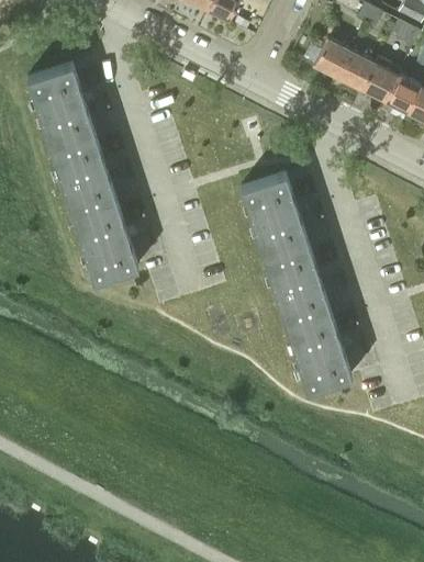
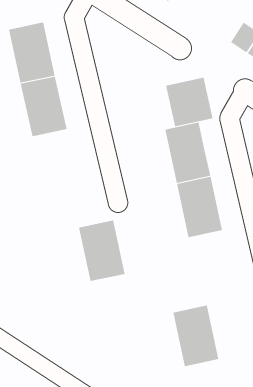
building: none -> [166,77,213,127]
building: [70,198,137,280] -> [78,220,125,282]
building: [284,307,350,390] -> [173,305,219,367]

